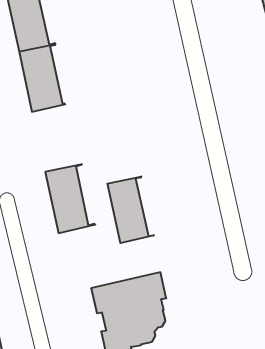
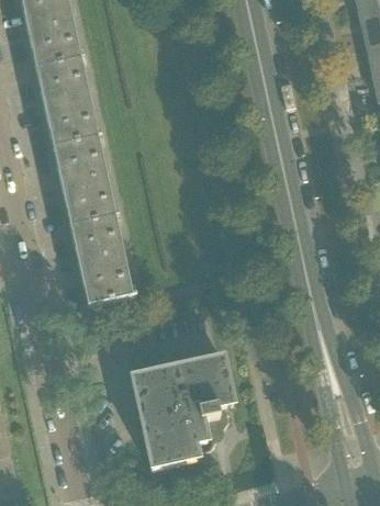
building: none -> [54,137,119,226]
building: [107,176,154,243] -> none

